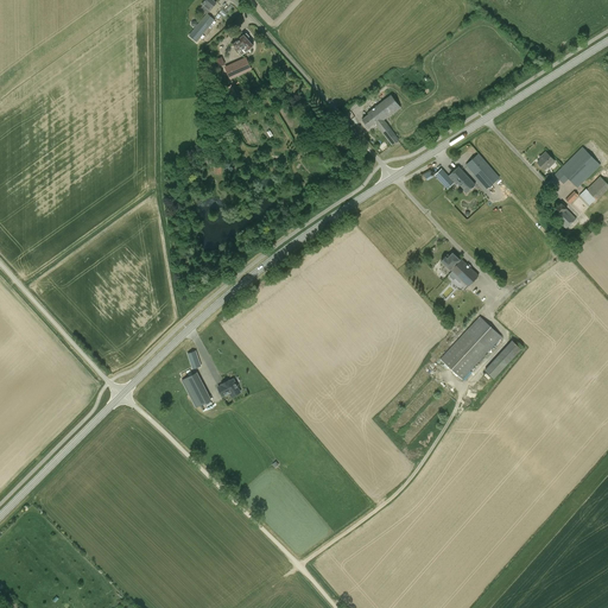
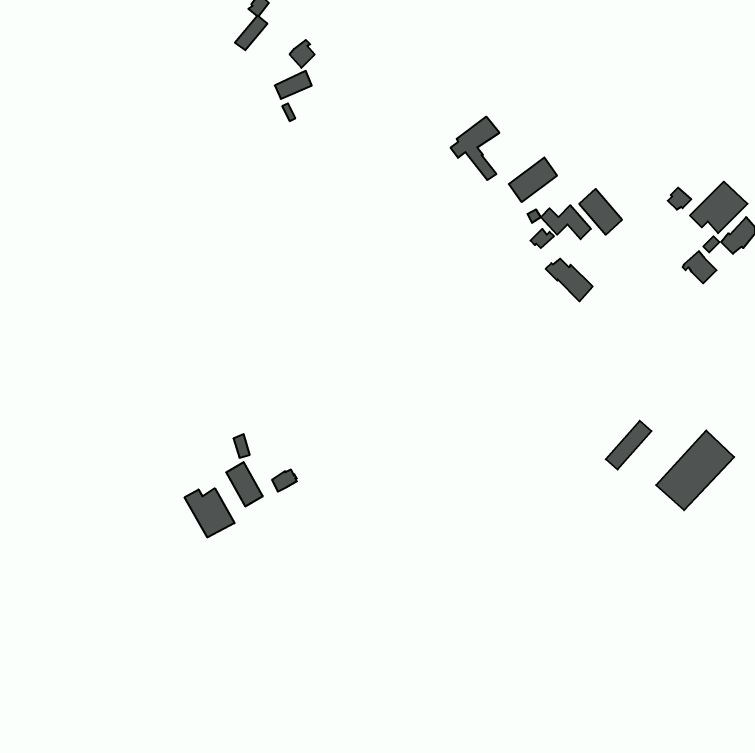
building: none -> [509,157,557,202]
building: [441,252,479,286] -> [546,259,593,301]
building: [439,315,502,379] -> [656,430,734,510]
building: none -> [185,488,235,537]

